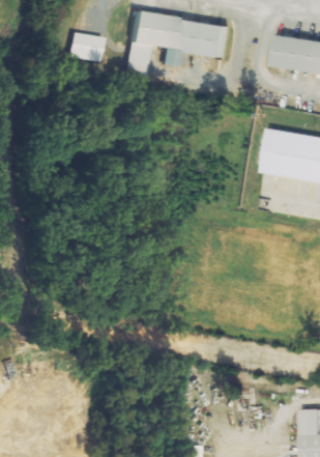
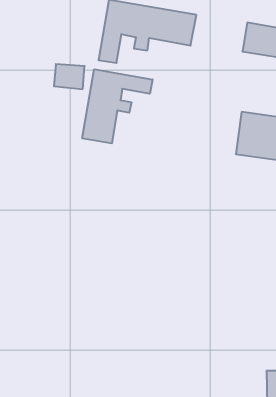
building: [69,34,103,61] -> [54,64,85,89]
building: none -> [82,69,153,143]

